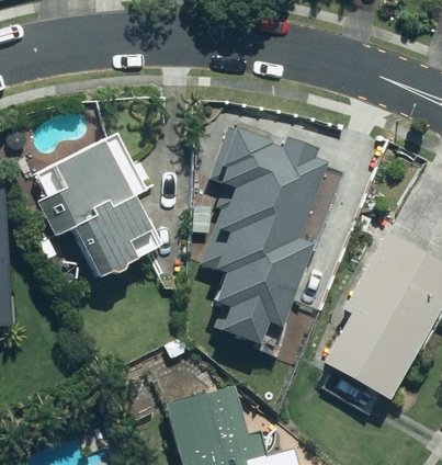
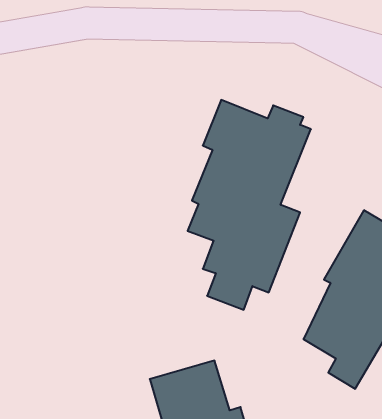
building: [38,135,166,282] -> none

